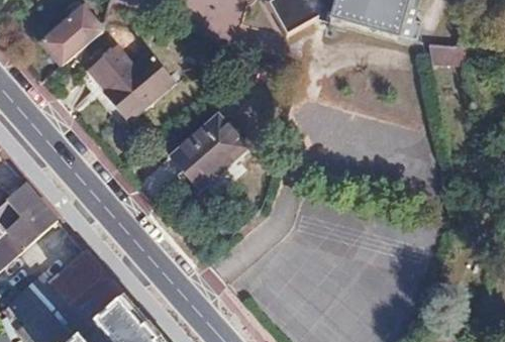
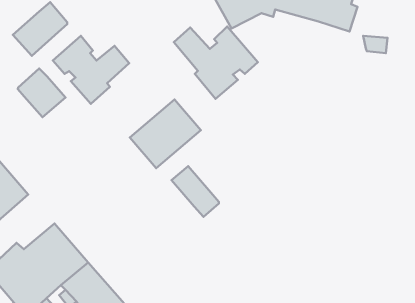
building: none -> [174,27,258,99]
building: none -> [18,69,65,117]
building: none -> [171,166,219,217]

